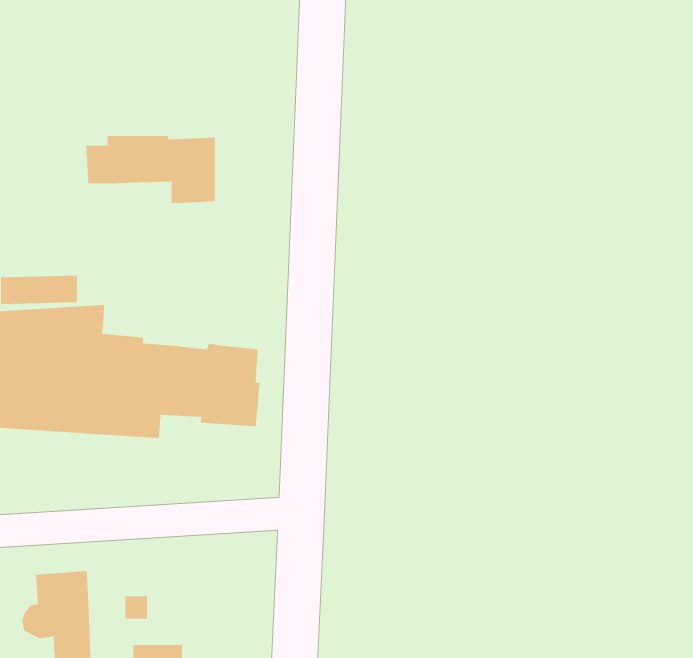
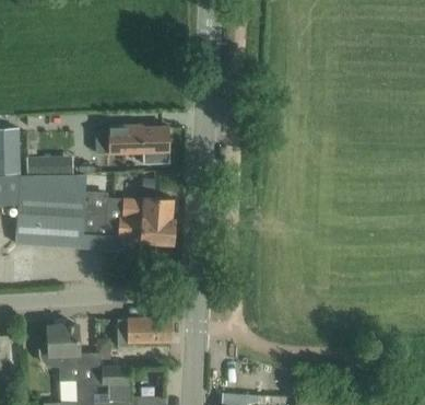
building: [85,135,216,203] -> [95,126,168,164]
building: none -> [122,319,170,342]

